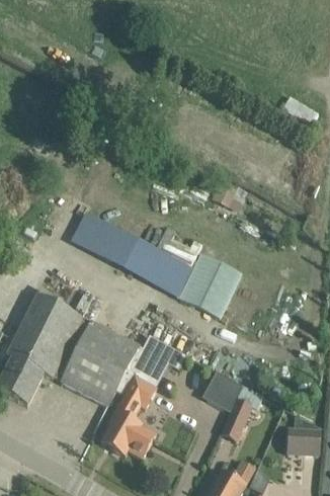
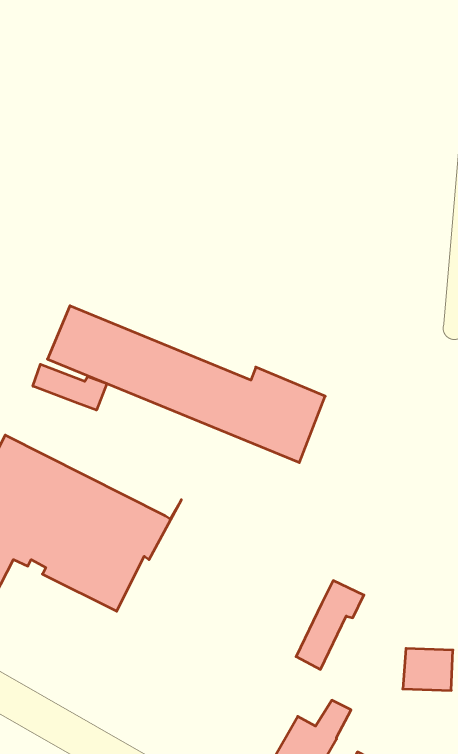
building: none -> [33,364,107,410]
building: [101,335,168,459] -> none
building: [201,370,241,411] -> none

